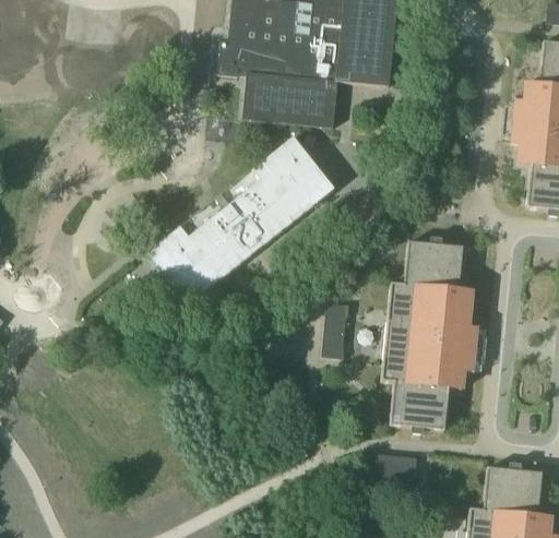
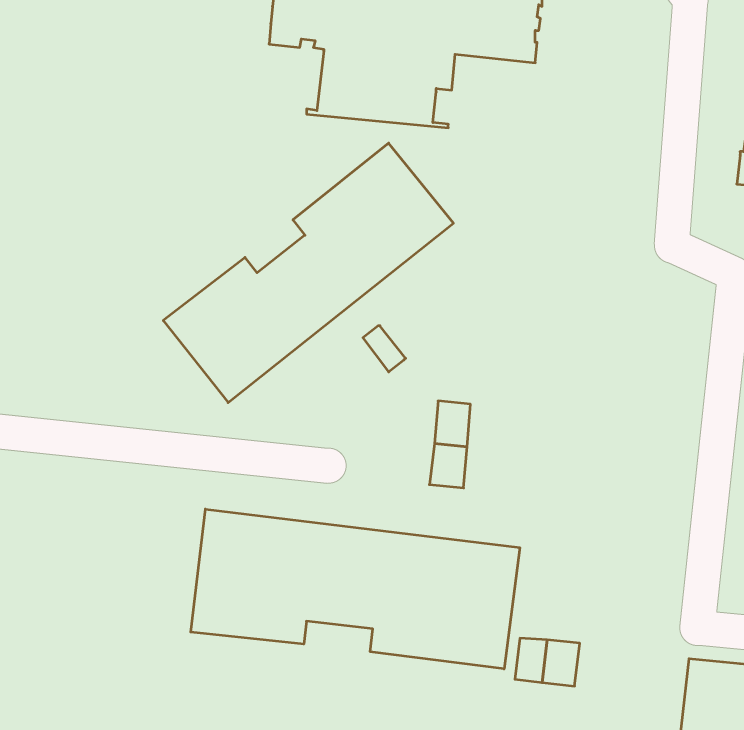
building: [381,240,472,429] -> none
building: none -> [191,509,520,669]

